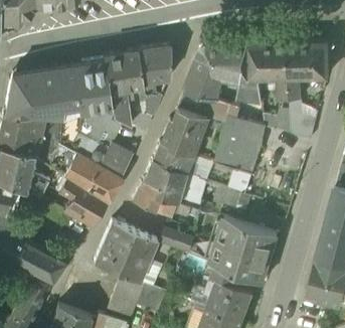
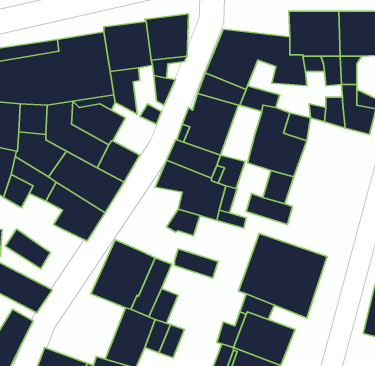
building: [196,43,248,63] -> none
building: [131,181,164,212] -> none
building: none -> [5,229,50,269]

